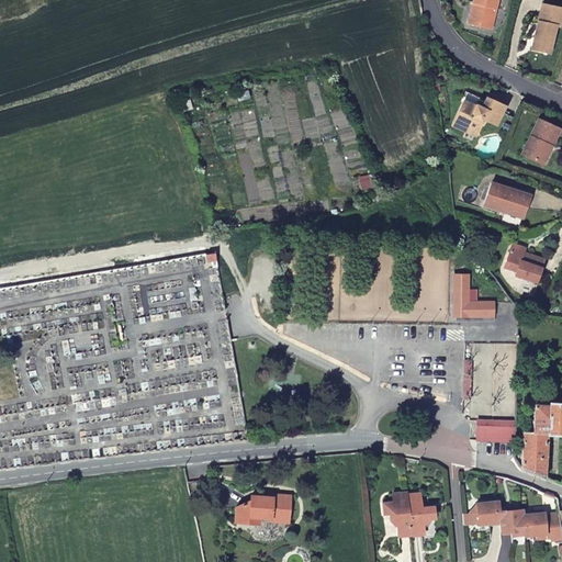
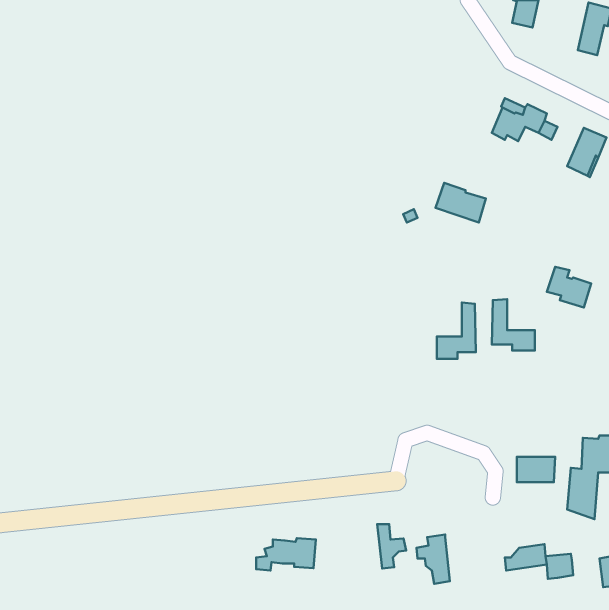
building: [483,181,529,217] -> [436,183,486,222]
building: none -> [437,303,476,359]
building: [411,494,437,535] -> [377,524,406,568]
building: [527,513,550,535] -> none

